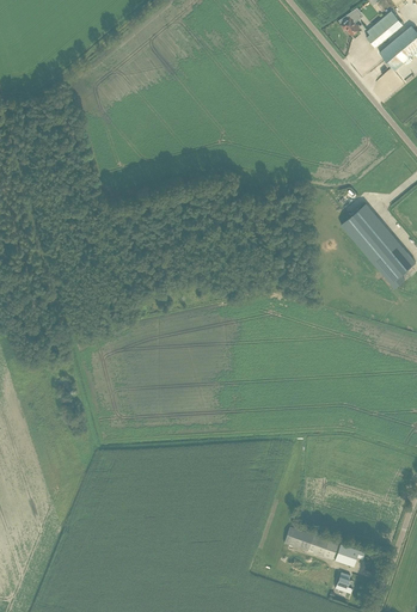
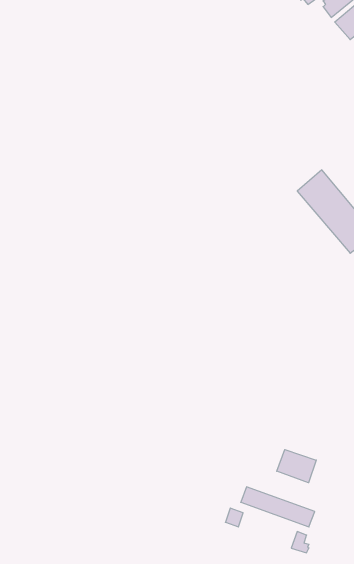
building: none -> [277,450,316,483]

